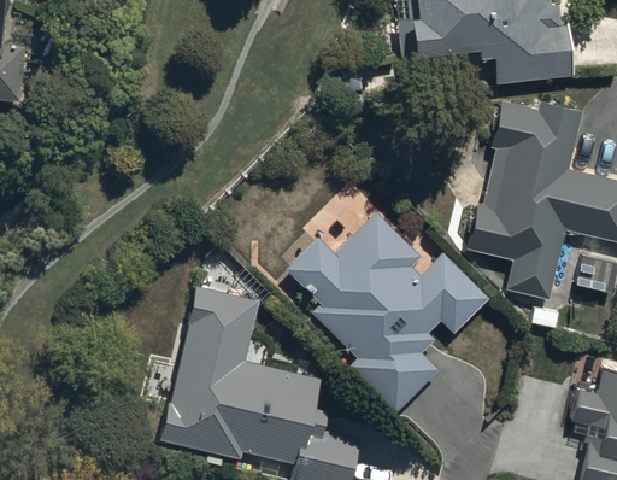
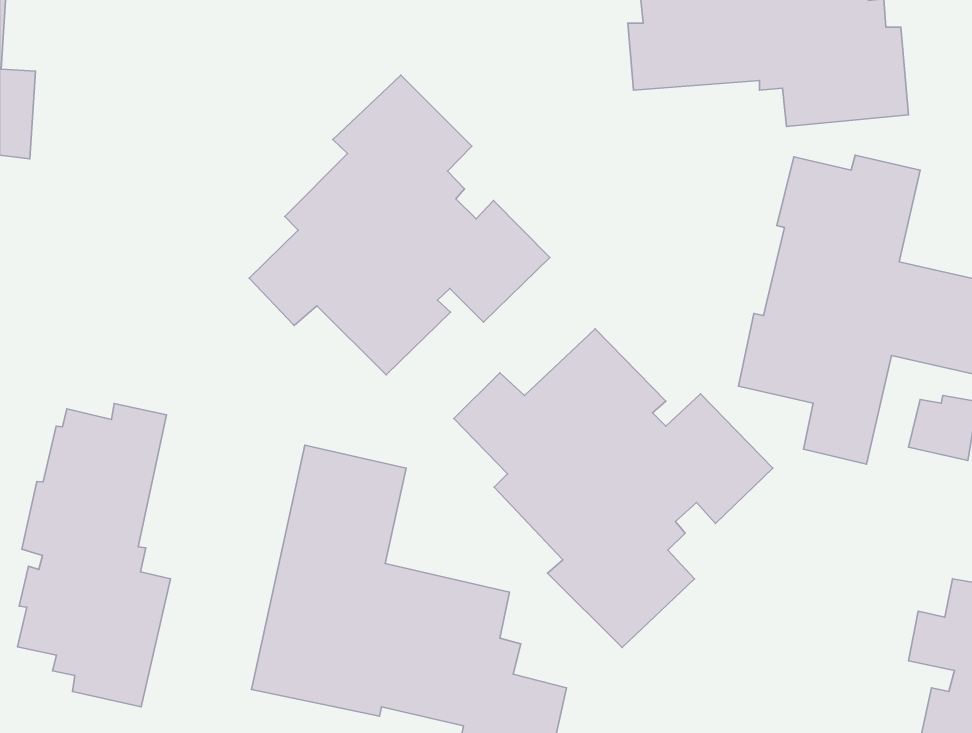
building: none -> [249,75,550,375]
building: none -> [17,403,170,707]

